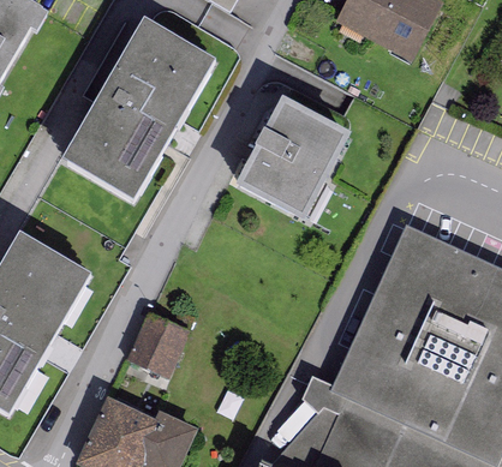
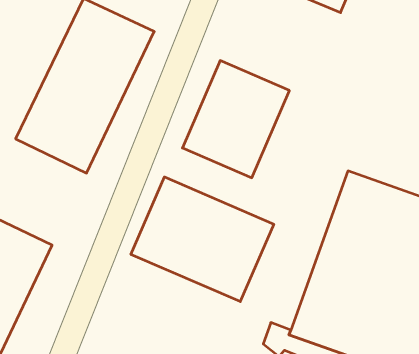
building: none -> [131,177,274,302]
building: [126,309,190,375] -> none

